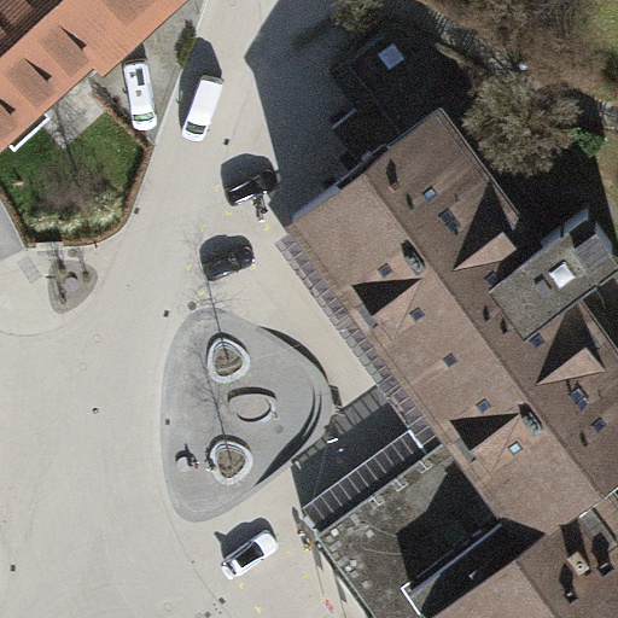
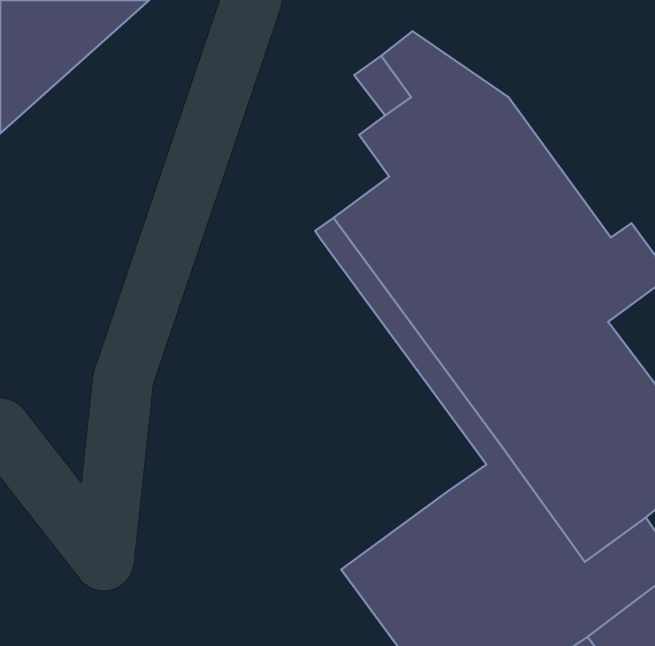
building: [282,238,460,546] -> none

